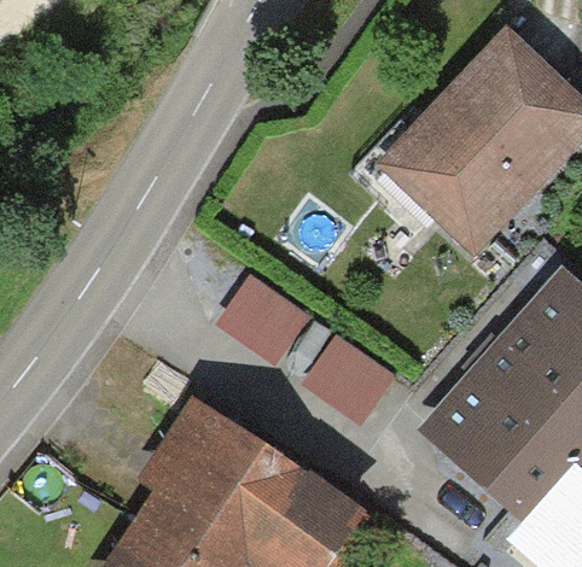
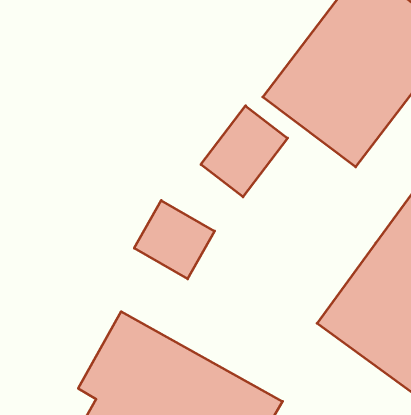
building: none -> [201,106,288,197]
building: [303,334,397,426] -> none

